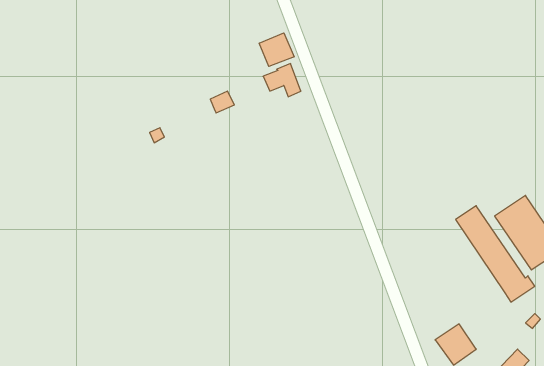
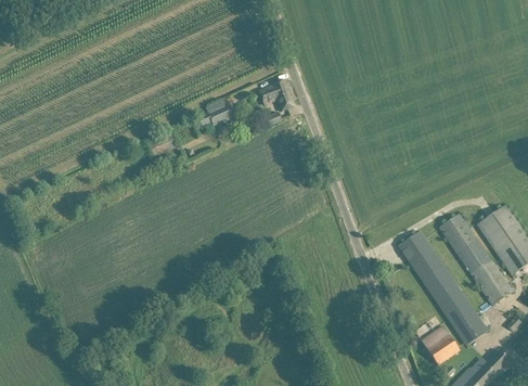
building: [259,33,294,66] -> none
building: none -> [398,231,488,345]

